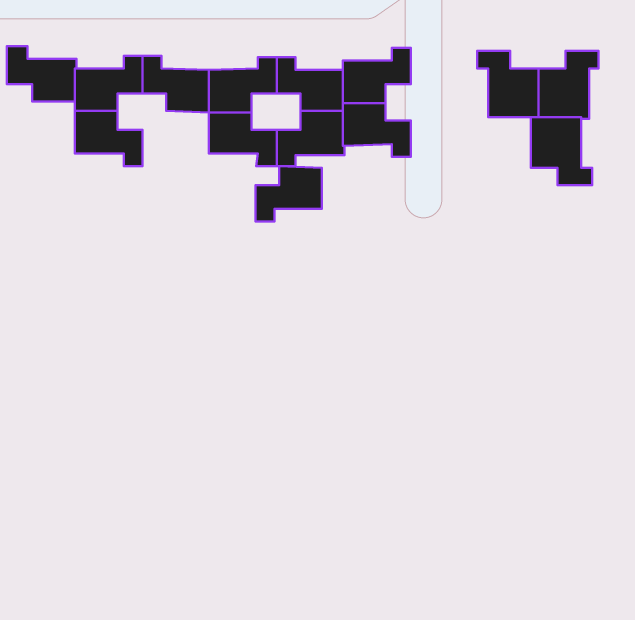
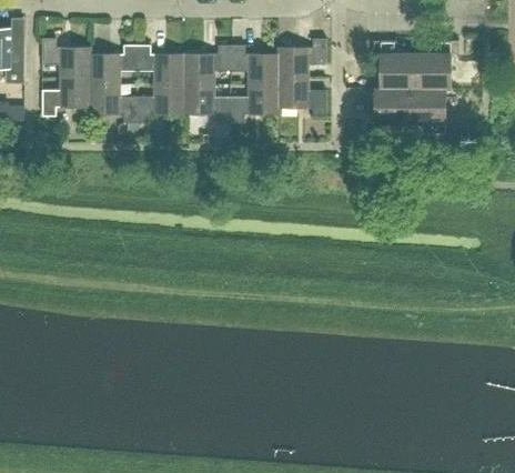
building: none -> [41,77,89,115]
building: none -> [366,88,410,135]
building: [256,166,322,221] -> [137,83,183,122]

